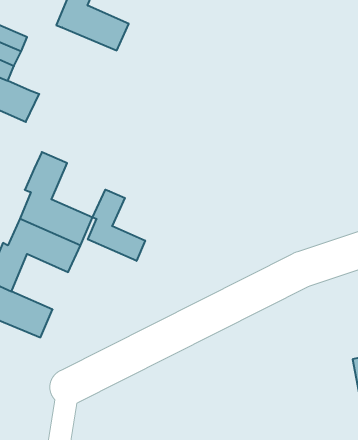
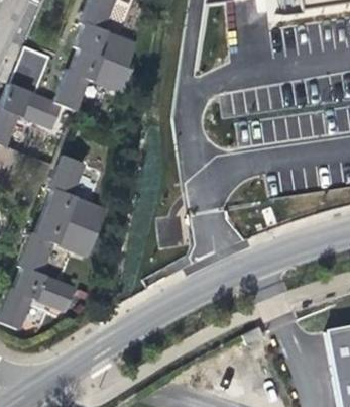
building: none -> [53,49,132,111]
building: [88,190,145,261] -> none

